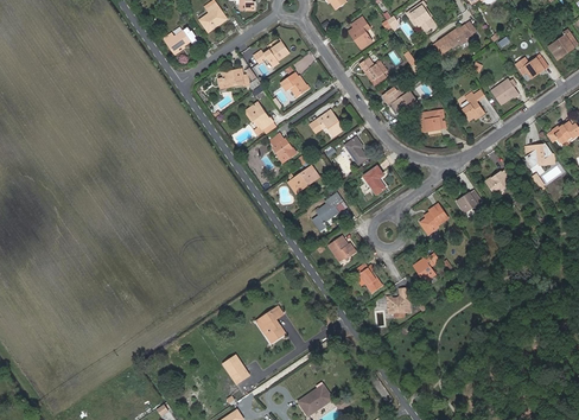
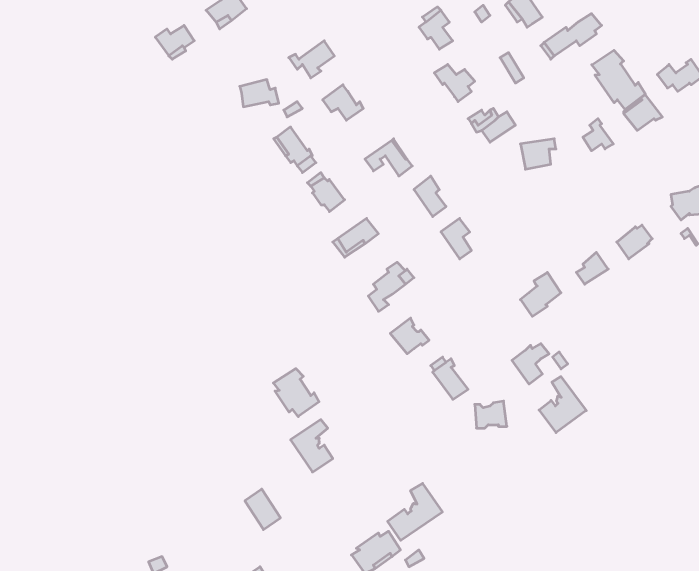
building: none -> [592,50,645,110]
building: none -> [273,369,319,417]
building: none -> [539,377,586,433]
building: none -> [388,483,442,540]

